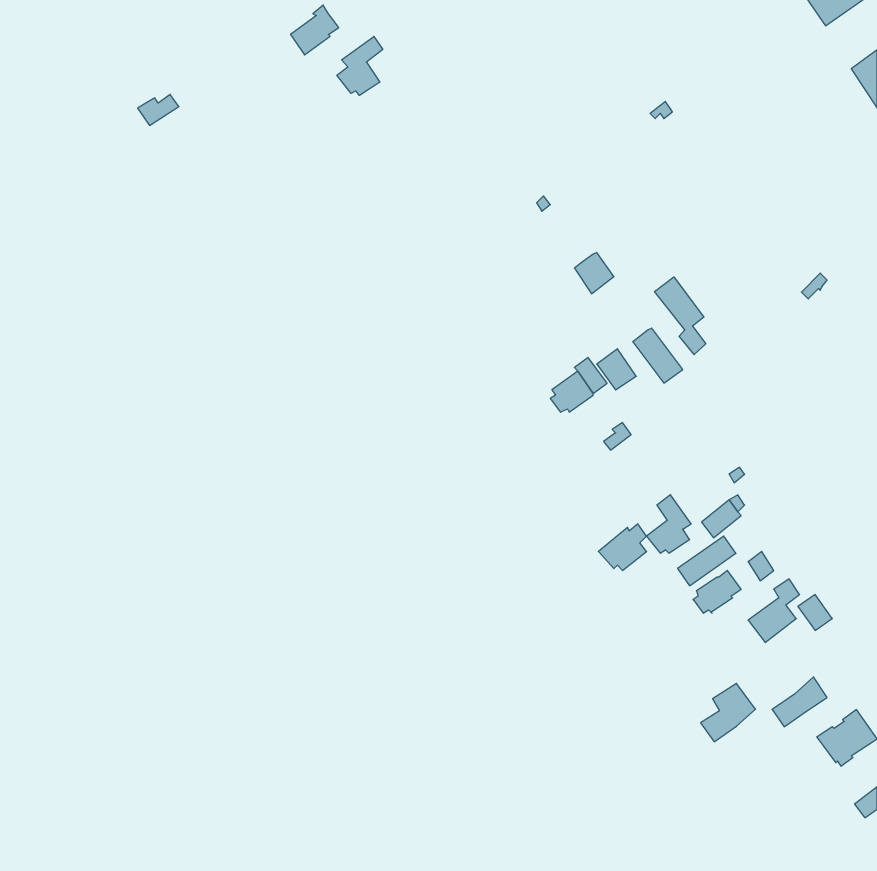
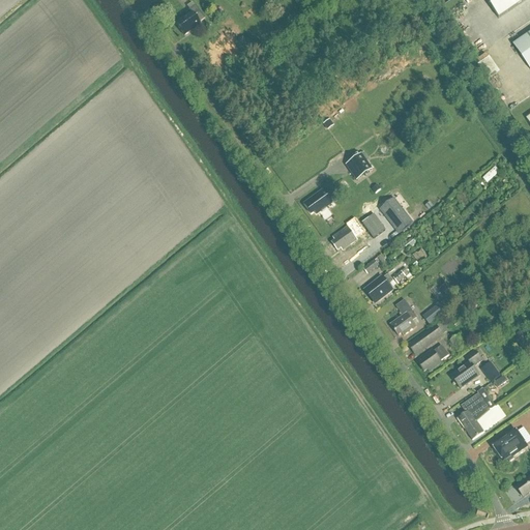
building: [337,36,383,95] -> none
building: [655,277,706,355] -> none
building: none -> [303,187,337,212]
building: [598,524,647,570] -> [364,271,393,299]
building: [701,683,756,742] -> [457,392,490,428]

